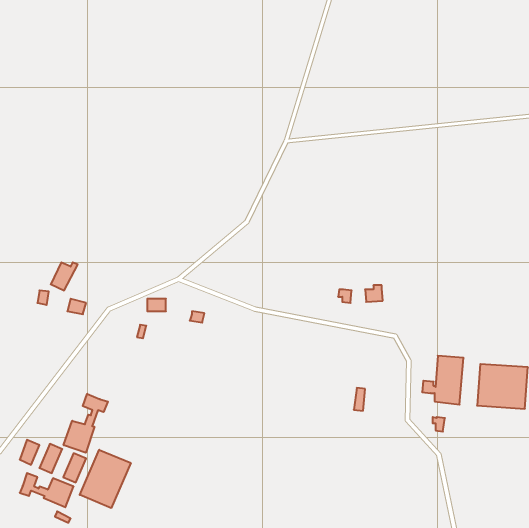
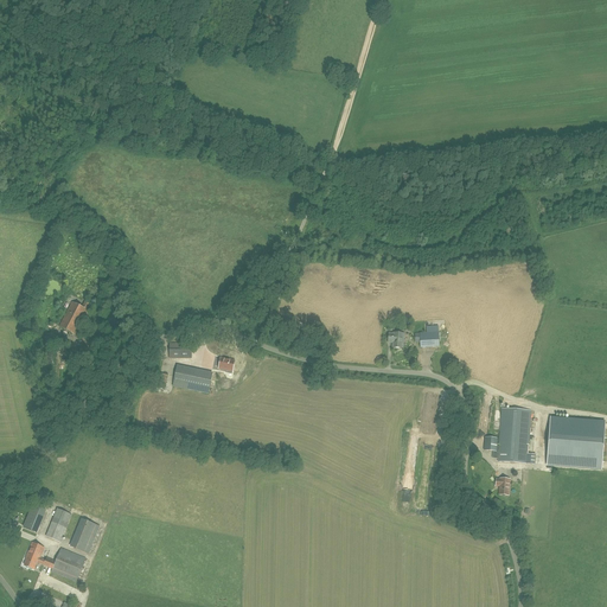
building: none -> [172,364,210,391]
building: [64,394,108,453] -> none
building: [80,450,131,508] -> none

